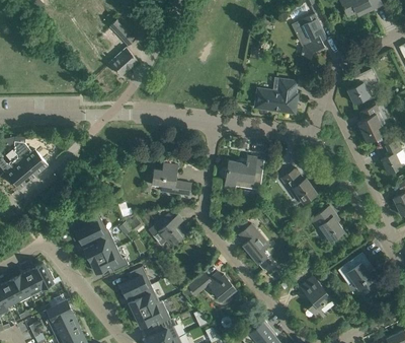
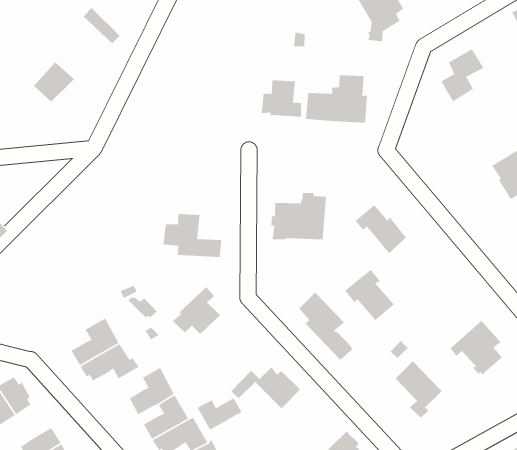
building: [109,48,138,75] -> [33,61,75,102]
building: none -> [261,79,302,117]
building: [356,105,385,143] -> none
building: [311,206,344,242] -> [344,269,395,321]
building: [74,211,106,244] -> none
building: none -> [197,397,242,431]

